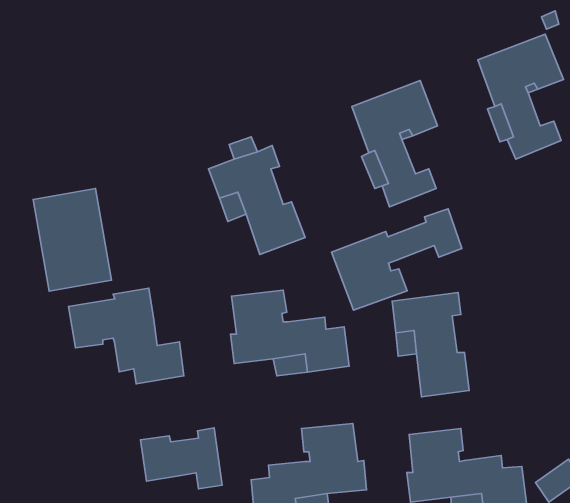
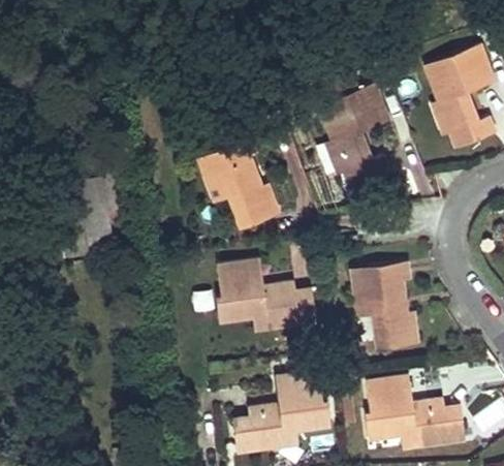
building: [332,209,462,310] -> none
building: [69,288,184,384] -> none
building: [141,428,222,489] -> none

